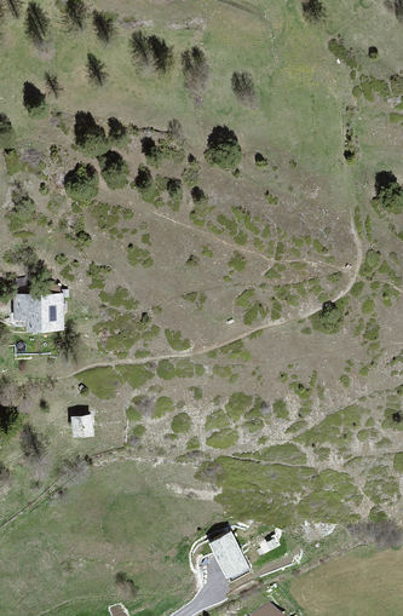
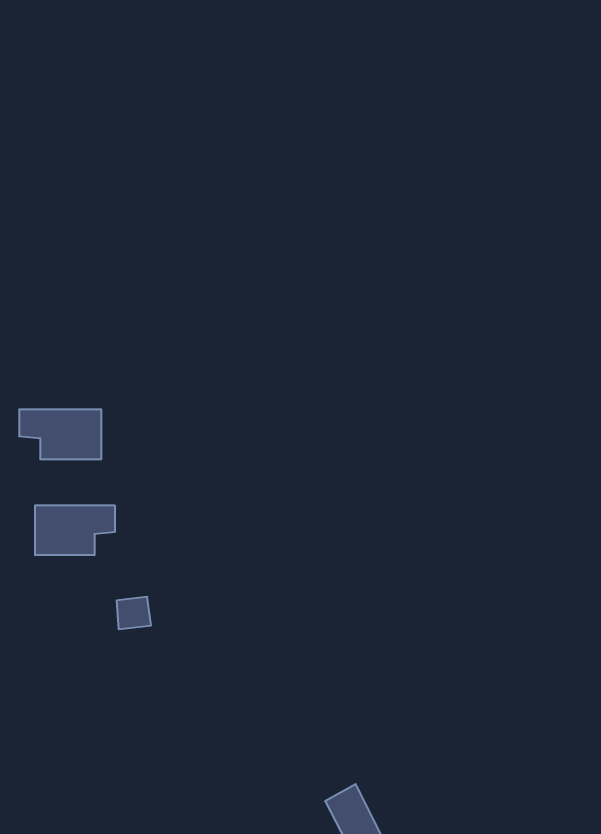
building: none -> [35,505,115,555]

